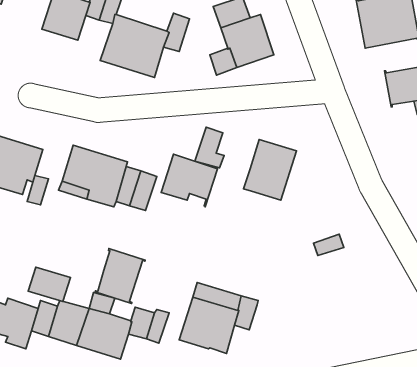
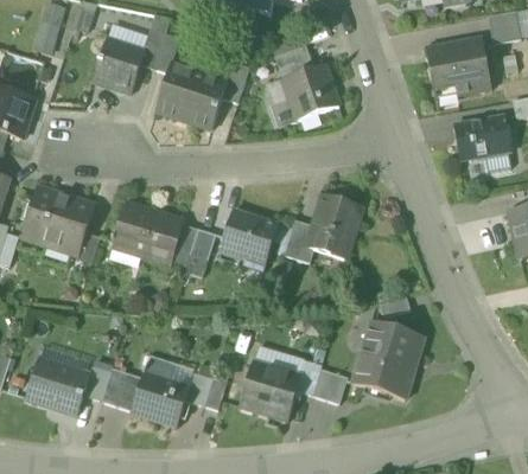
building: [195,127,224,168] -> [284,218,314,261]
building: [95,248,145,304] -> none
building: none -> [352,319,424,398]
building: [28,267,71,301] -> none
building: none -> [312,367,346,402]

